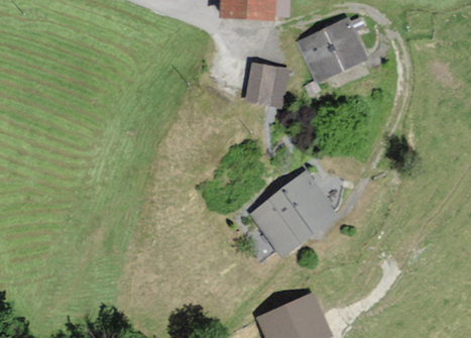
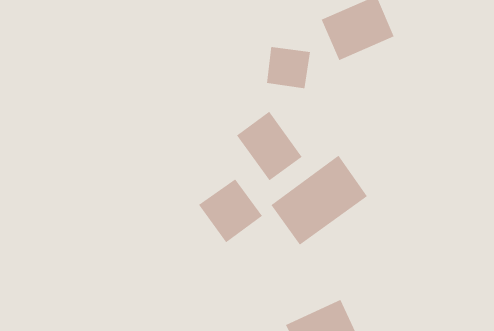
building: none -> [236,111,303,181]
building: none -> [198,178,263,243]

